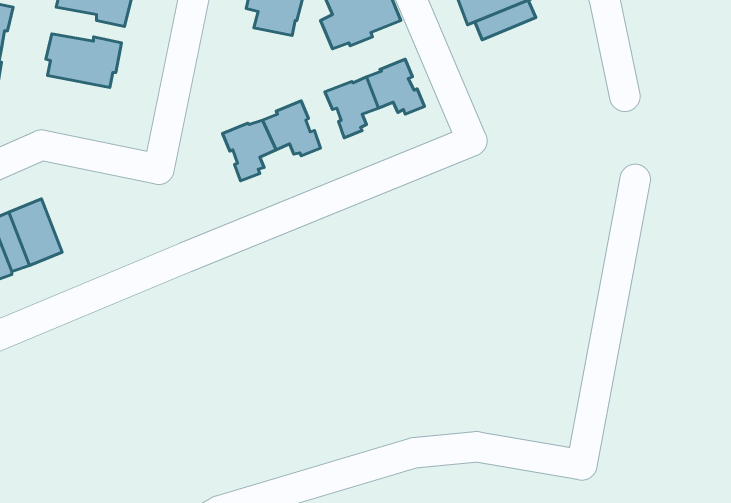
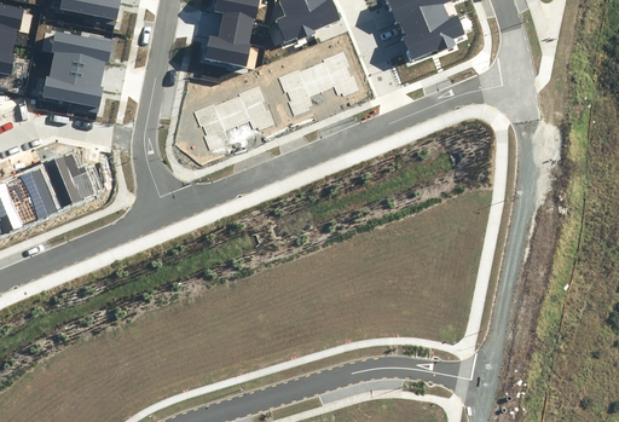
building: none -> [401,15,464,58]
building: none -> [203,25,250,67]
building: none -> [41,64,102,111]
building: none -> [45,152,94,208]

